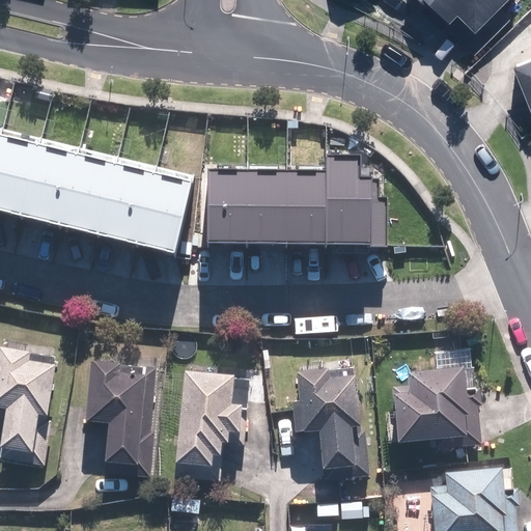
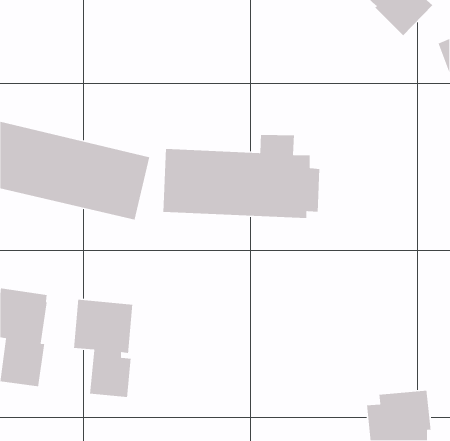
building: [393,358,482,439] -> none
building: [292,360,369,471] -> none
building: [175,362,243,471] -> none

